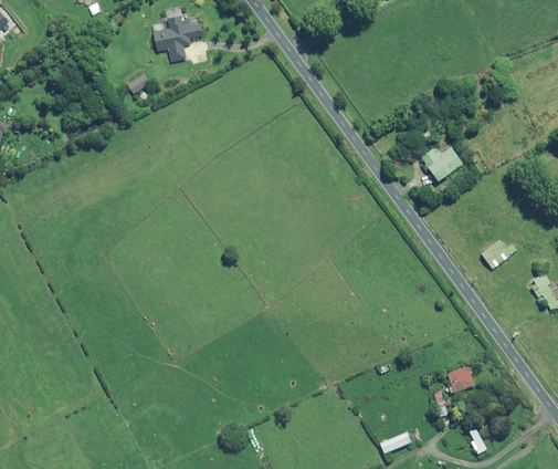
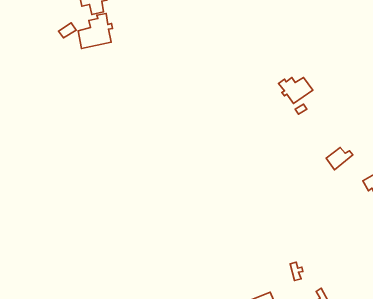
building: none -> [78,13,112,49]
building: [446,365,475,392] -> none

